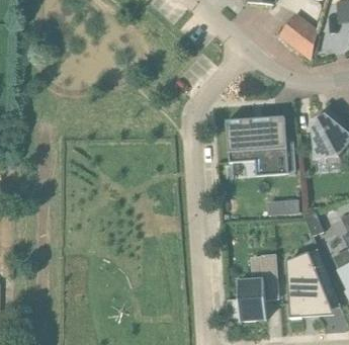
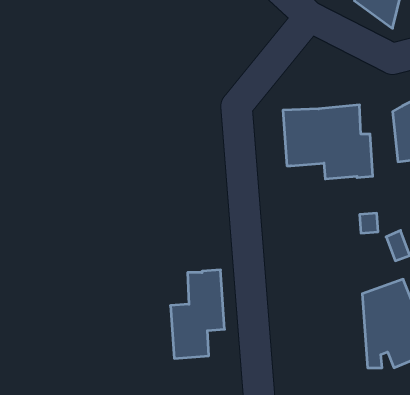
building: [237,253,278,321] -> [170,270,225,358]

